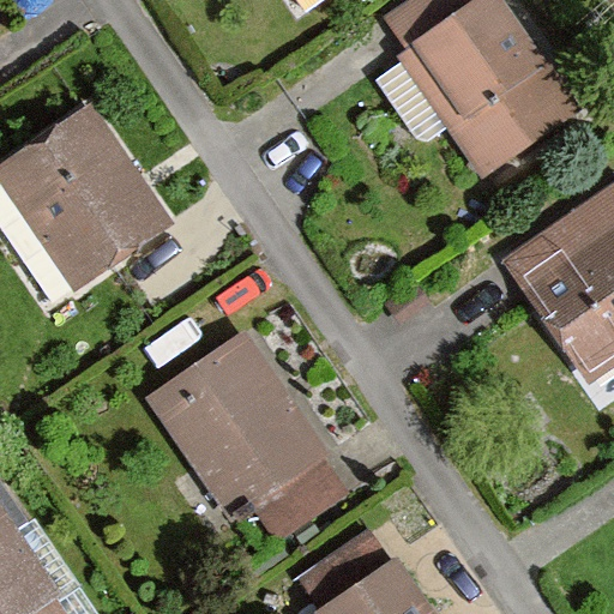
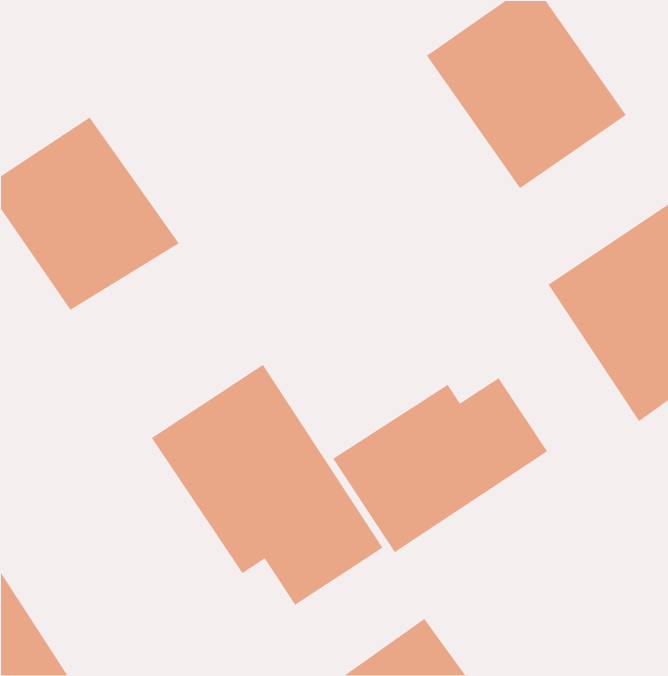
building: none -> [332,377,548,553]

